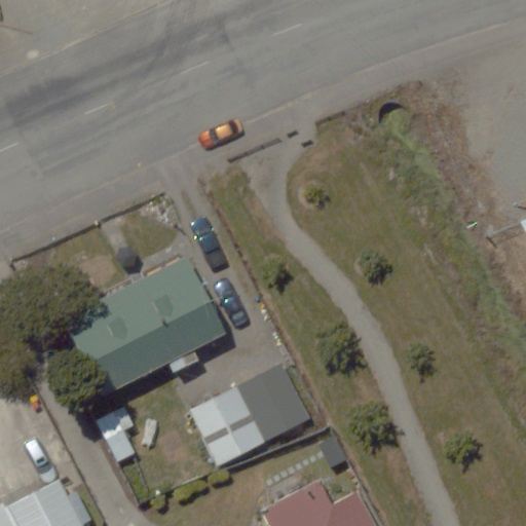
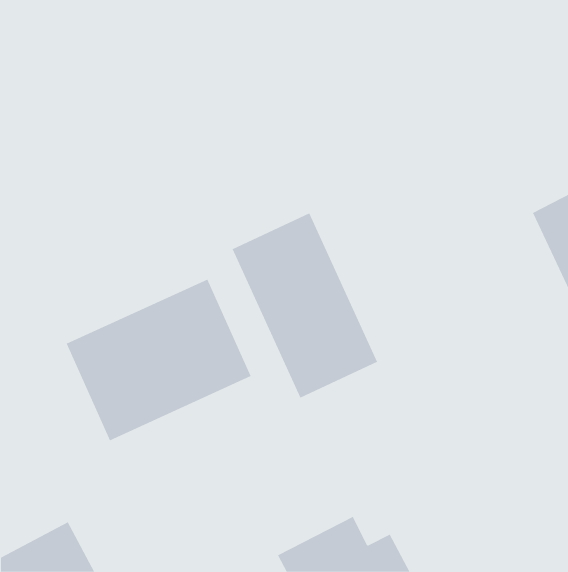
building: none -> [232,213,378,399]
building: [189,368,303,465] -> none

